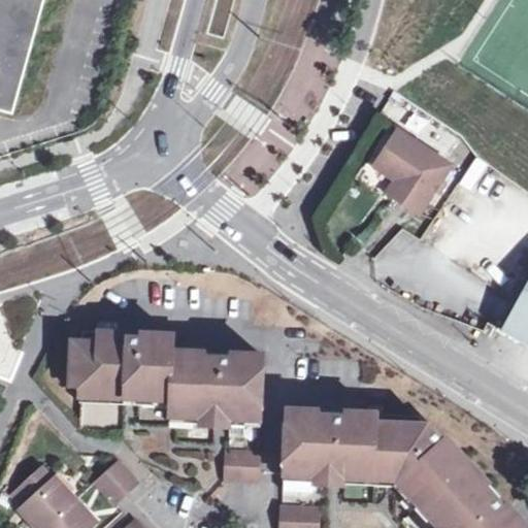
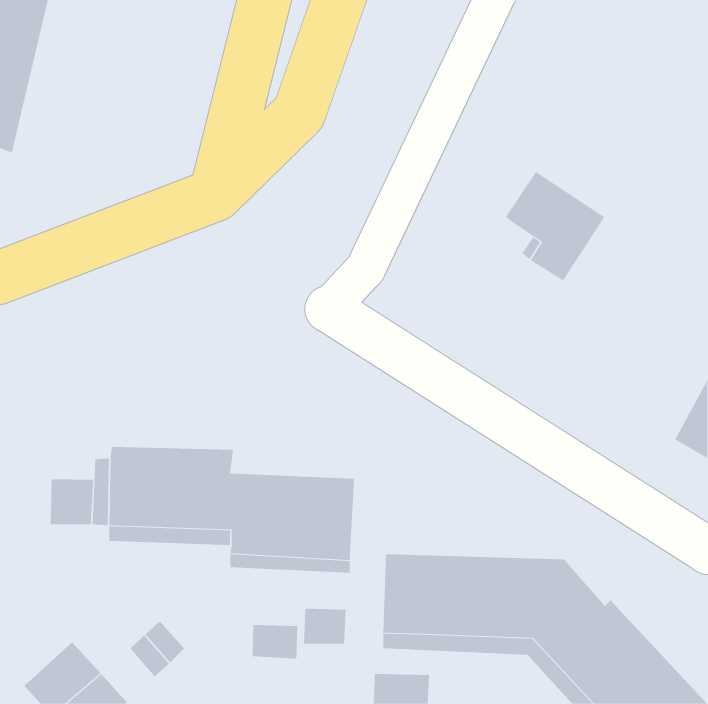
building: none -> [50,478,94,525]
building: none -> [252,624,298,660]

